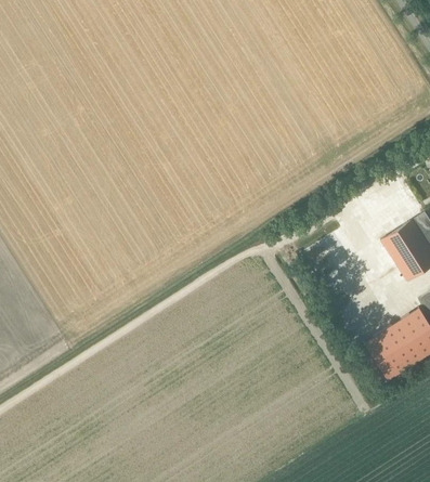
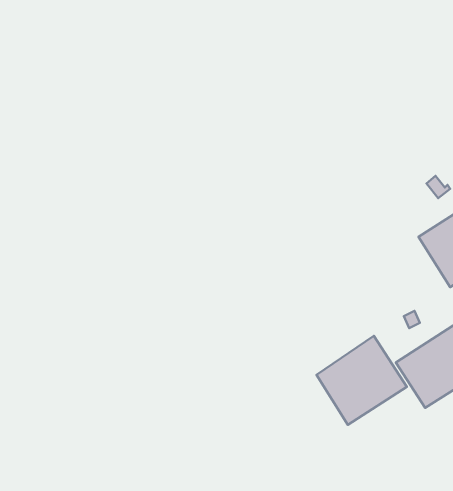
building: none -> [317,336,407,425]

